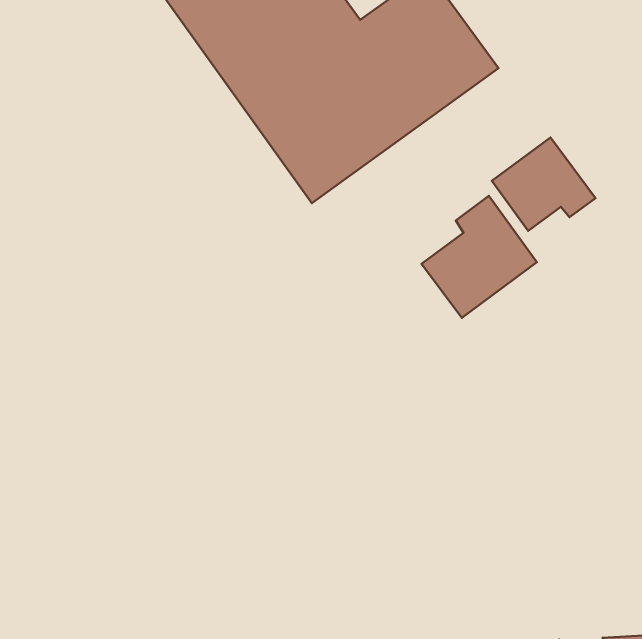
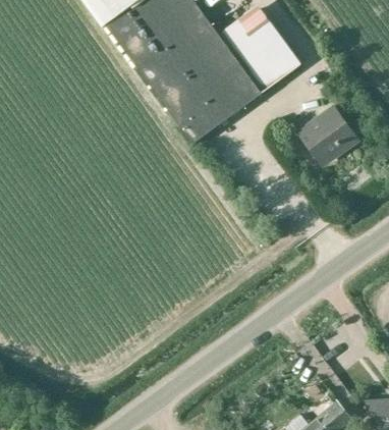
building: [421,196,537,318] -> none

